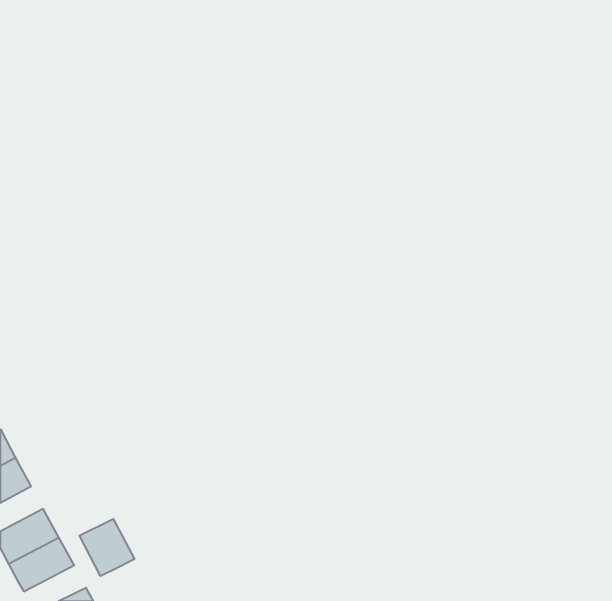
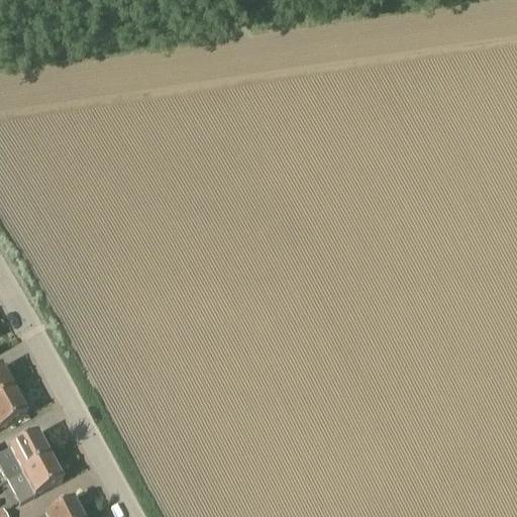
building: [79,519,134,576] -> none

